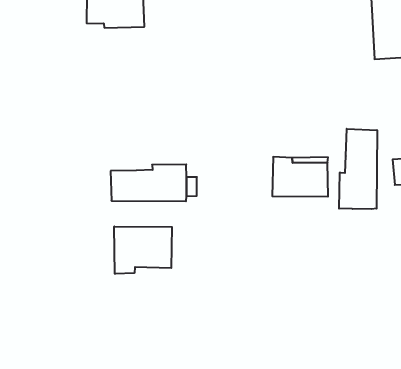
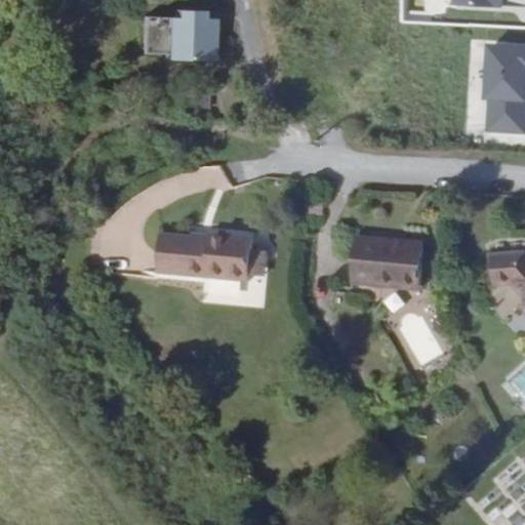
building: [339,129,377,209] -> none
building: [114,226,172,274] -> none

